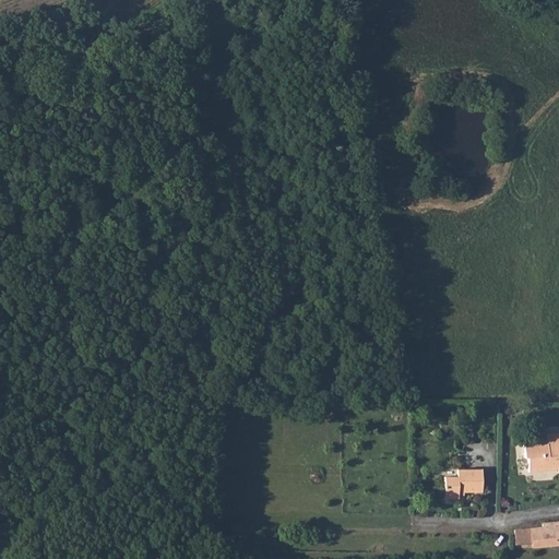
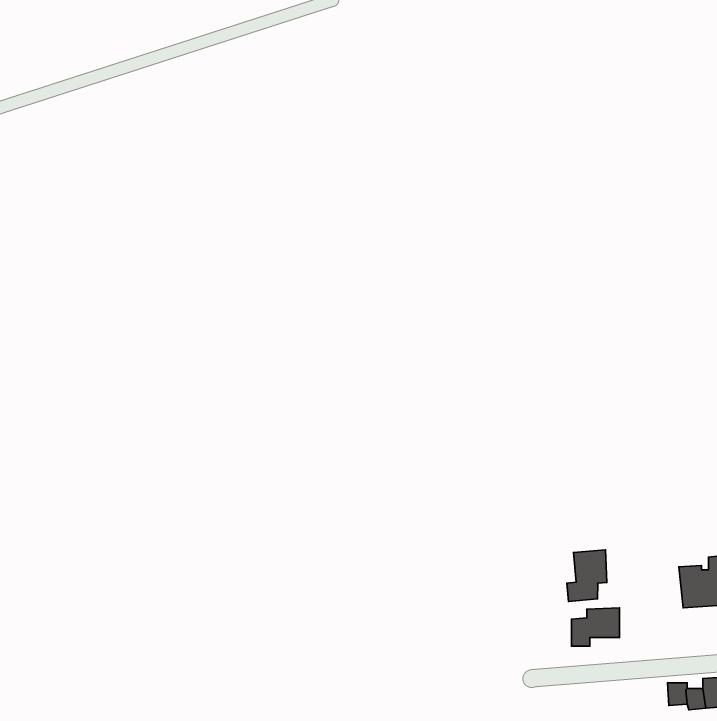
building: none -> [567,550,607,601]

